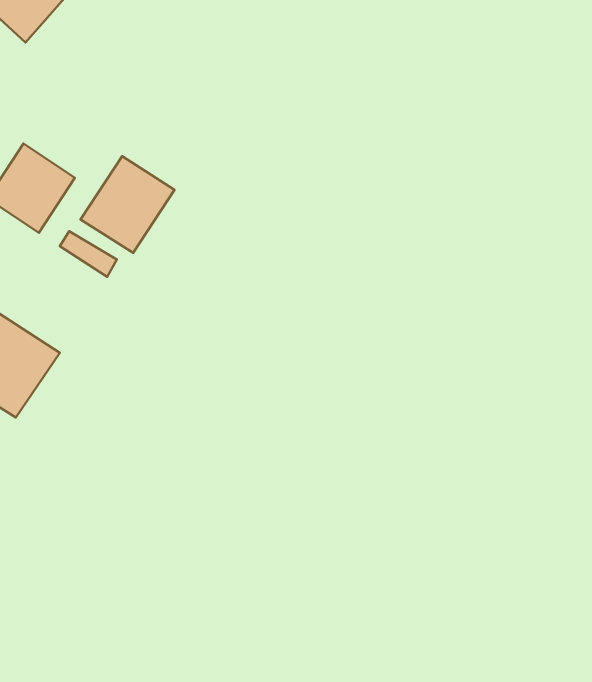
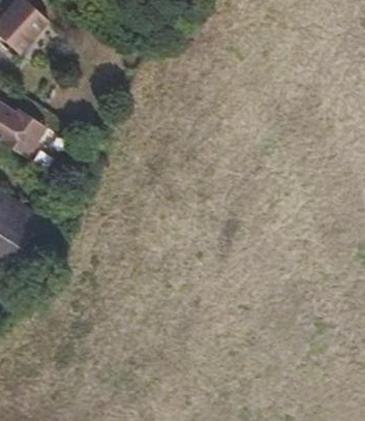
building: [81,156,175,253] -> none

